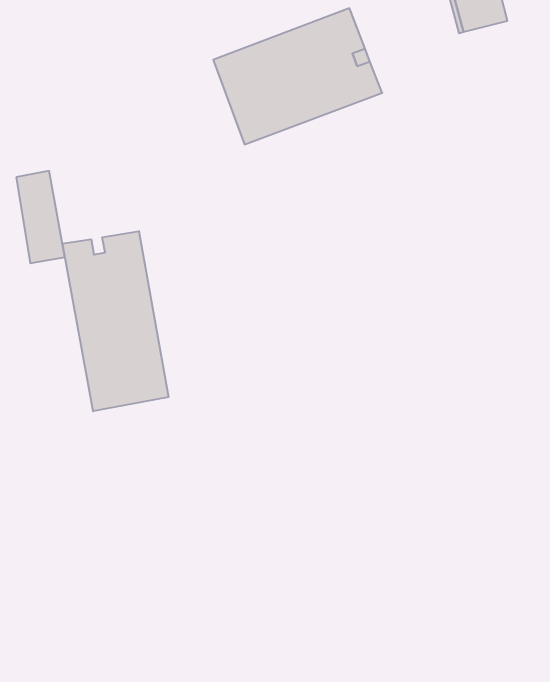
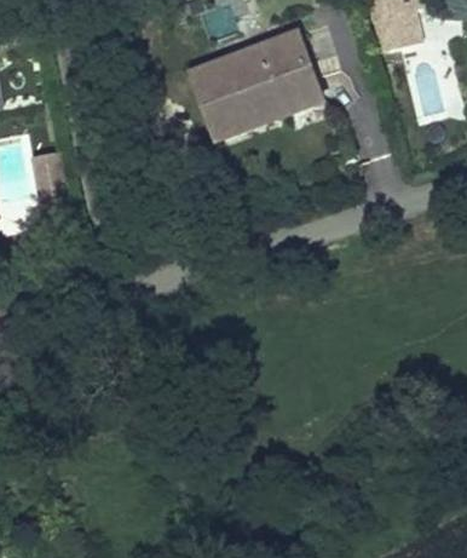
building: [63,231,169,411] -> none

